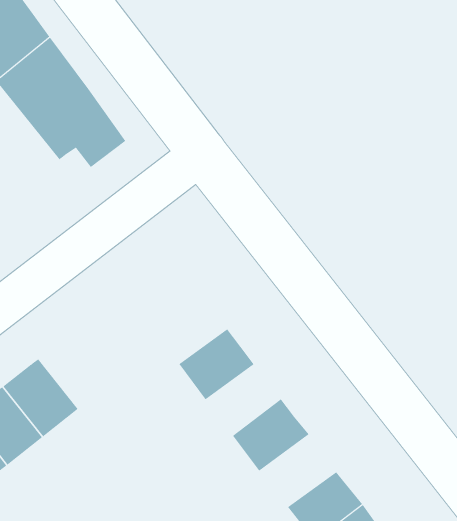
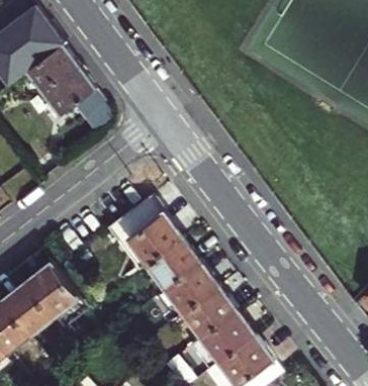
building: none -> [104,199,180,274]
building: none -> [153,266,216,323]
building: none -> [197,313,254,367]

